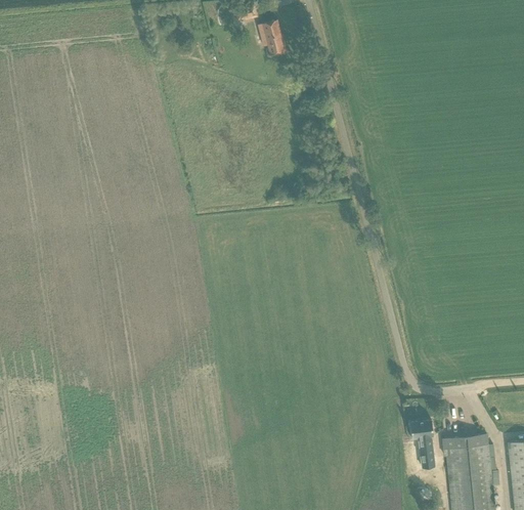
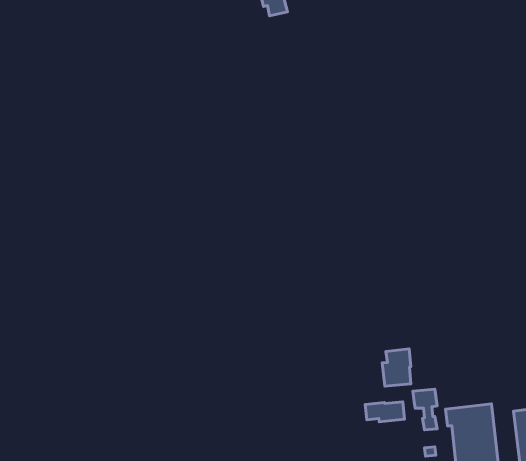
building: none -> [382,349,411,386]
building: none -> [365,402,404,422]

